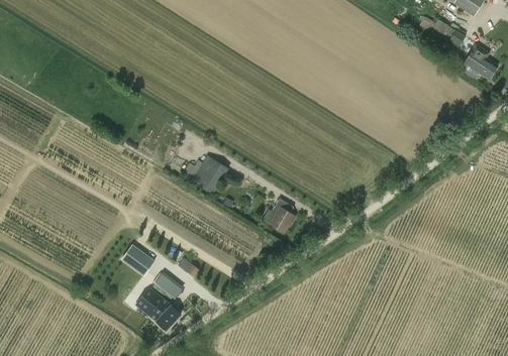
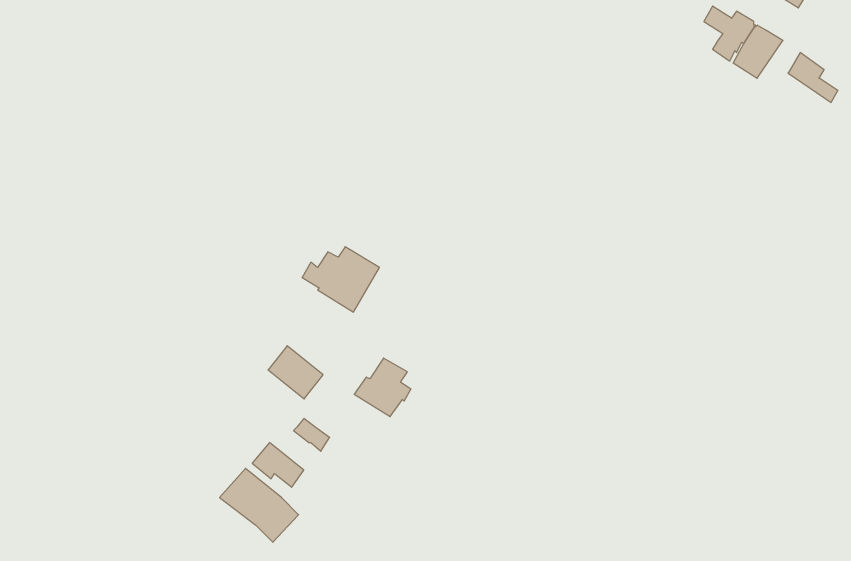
building: [452,54,494,80] -> none
building: [263,198,296,232] -> [354,358,411,417]
building: [122,243,155,274] -> [268,346,323,399]

